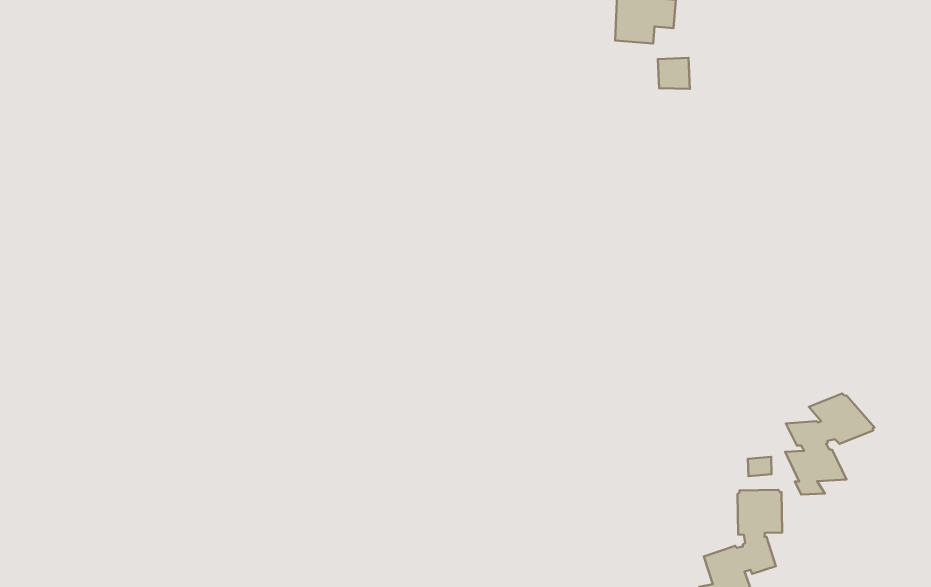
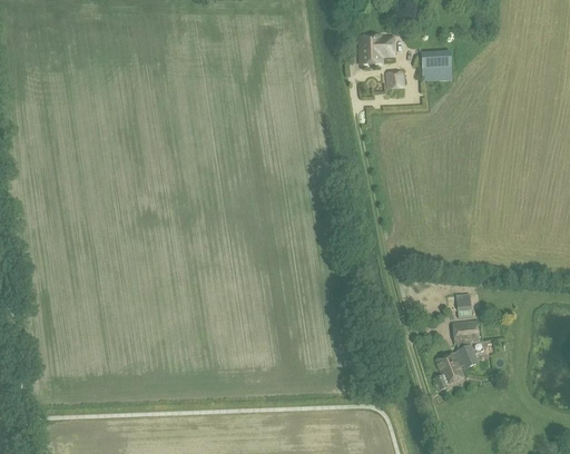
building: none -> [421,50,452,81]
building: [785,394,874,494] -> none

